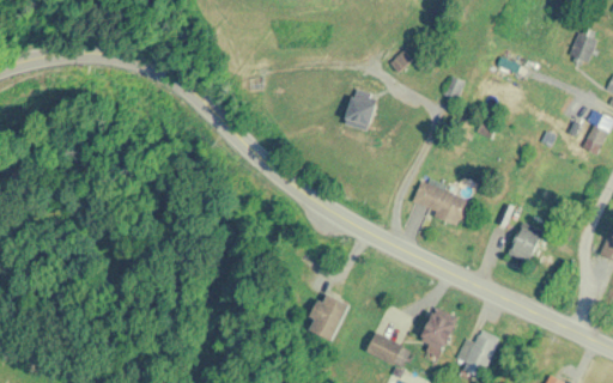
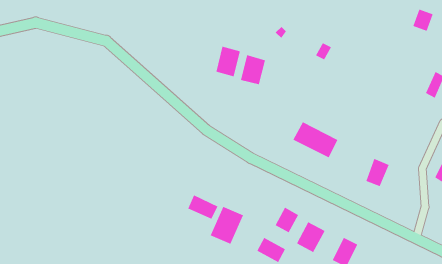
building: none -> [216,46,241,77]
building: none -> [187,194,218,219]
building: none -> [275,207,299,233]

